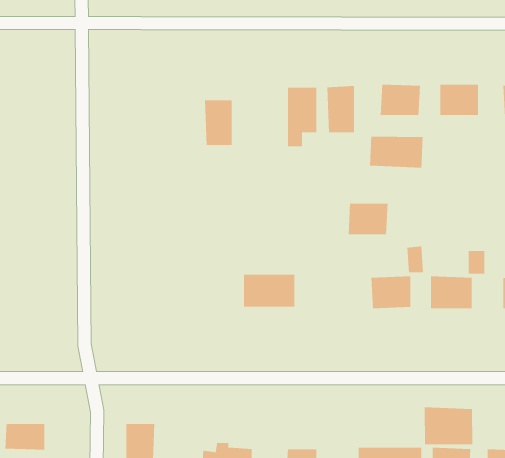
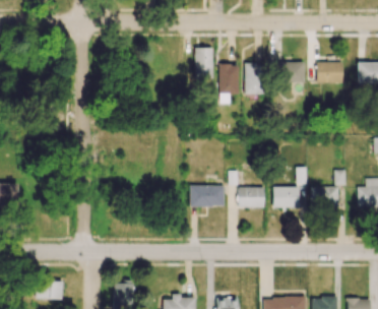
building: [204,100,232,146] -> [194,48,212,77]
building: [370,136,423,168] -> none
building: [348,203,389,235] -> [238,187,264,207]
building: [424,406,473,445] -> none

